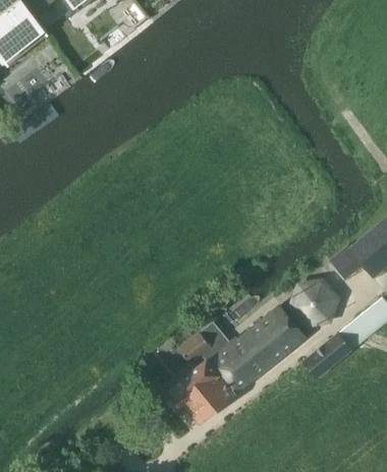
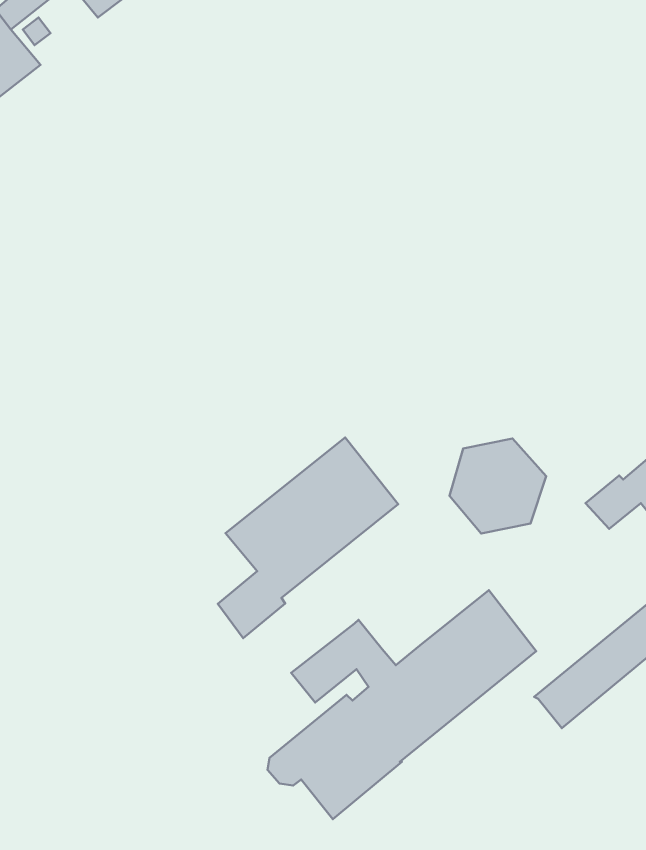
building: none -> [218,437,398,638]
building: [289,279,339,328] -> [449,439,546,533]

